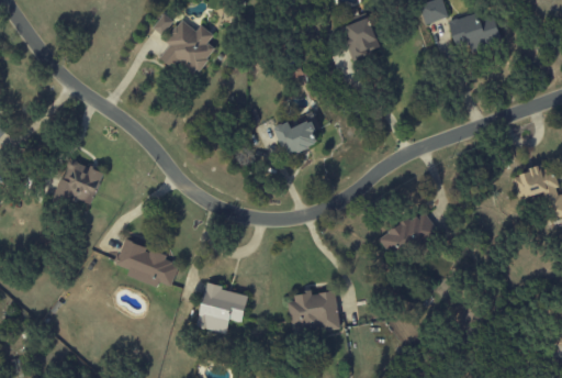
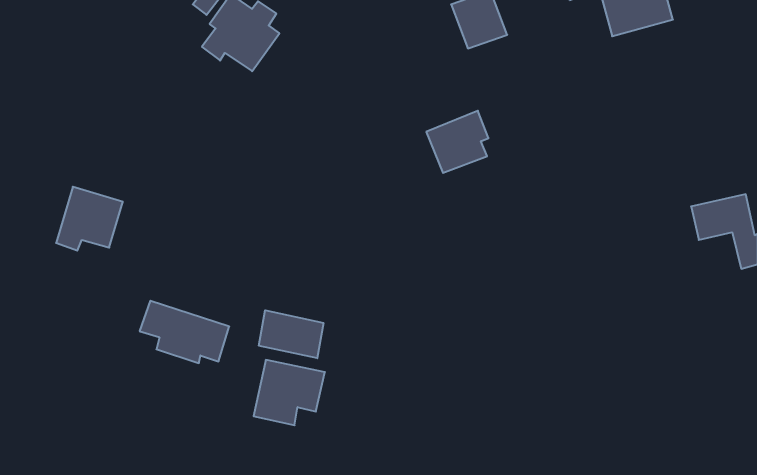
building: [273,111,318,156] -> [426,111,489,173]
building: [378,213,437,256] -> none
building: none -> [259,310,323,358]
building: [286,289,339,333] -> none

